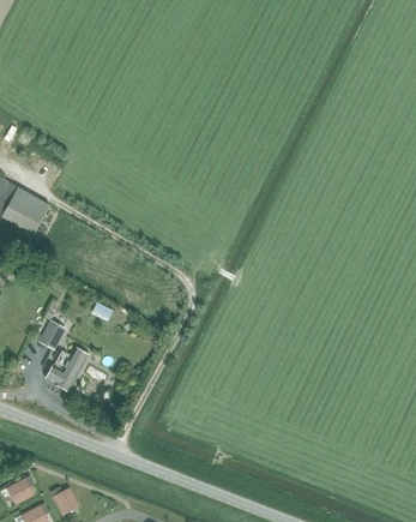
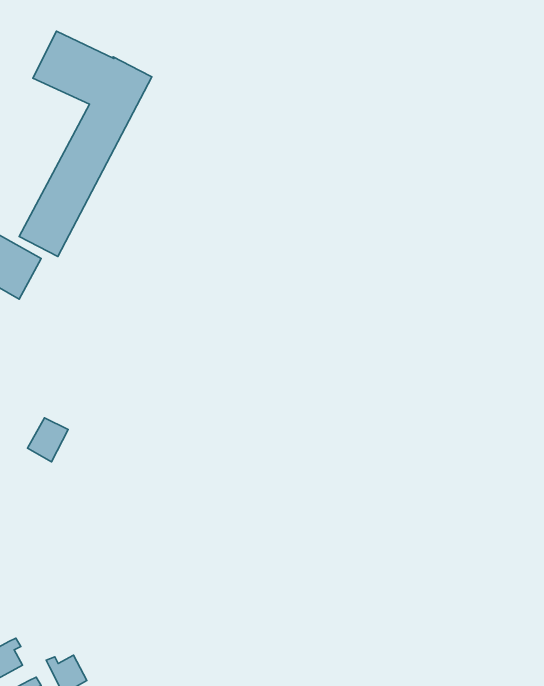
building: none -> [19,31,152,257]
building: [46,347,88,391] -> none

